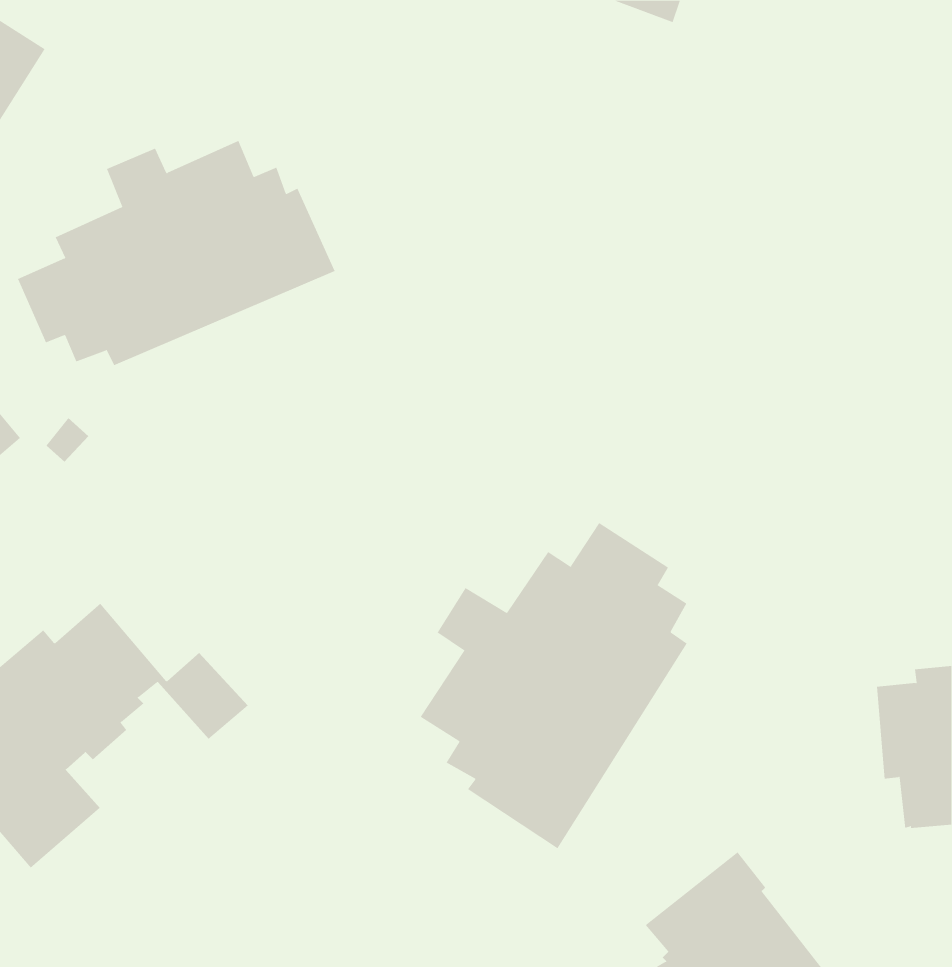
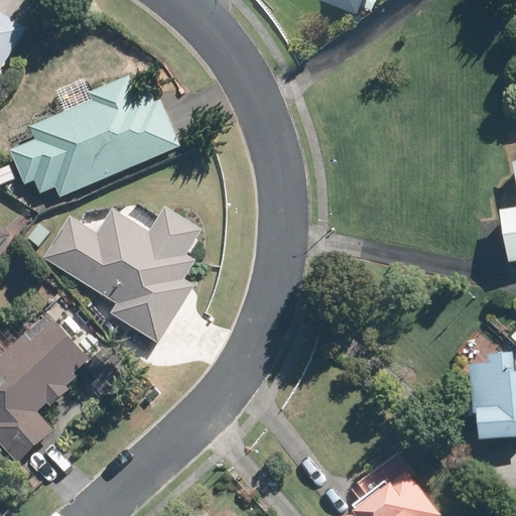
building: none -> [45,207,201,344]
building: [420,522,688,849] -> none

